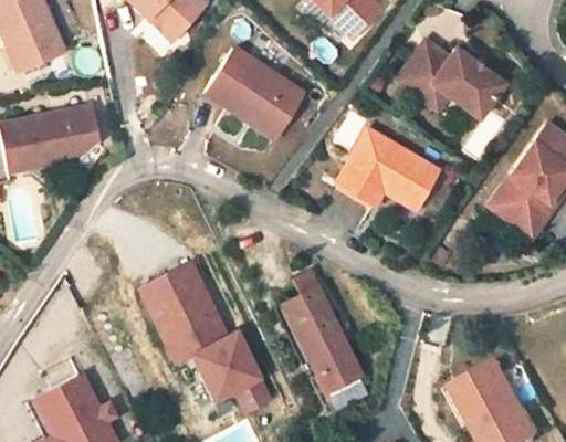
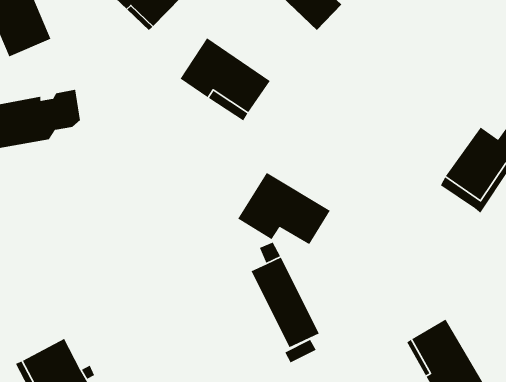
building: [396,43,502,120] -> none
building: [336,130,438,210] -> [237,172,331,245]
building: [140,264,271,412] -> none

